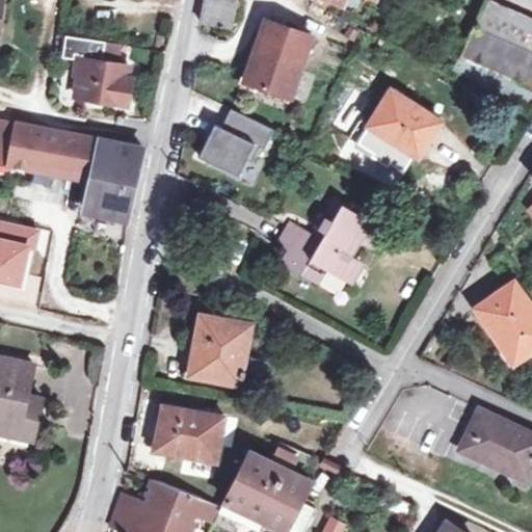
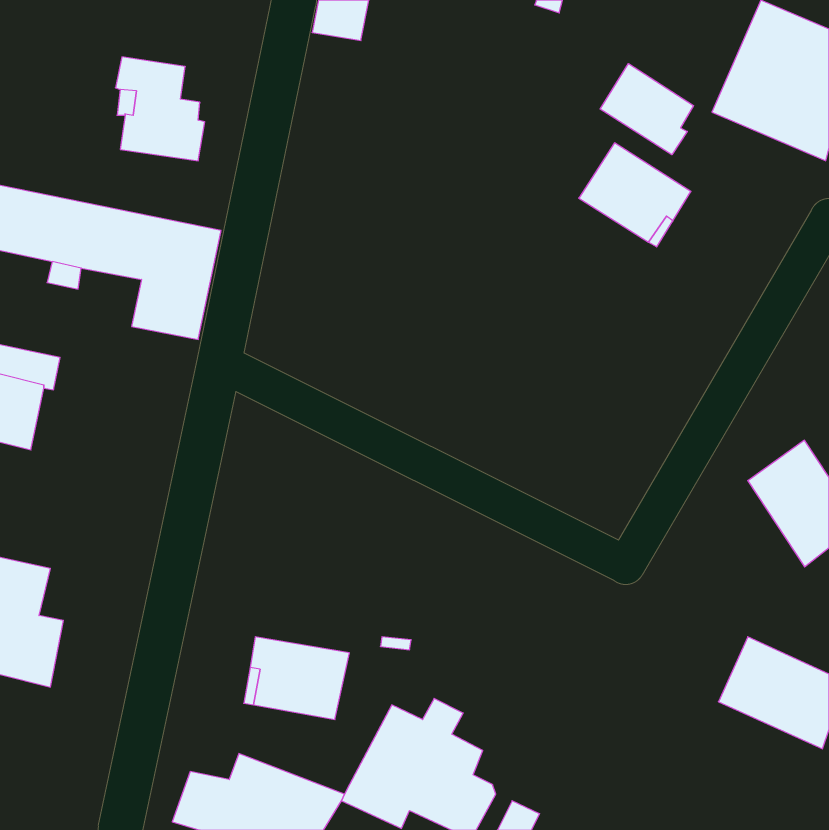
building: [239,23,303,97] -> none
building: none -> [600,64,694,155]
building: [202,109,276,176] -> none
building: [277,202,385,285] -> none
building: [194,316,264,389] -> none

